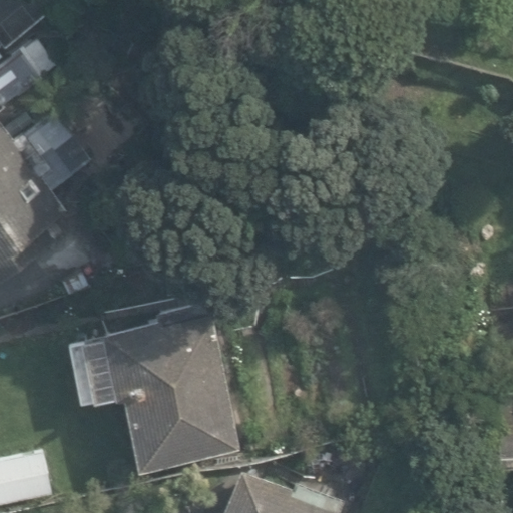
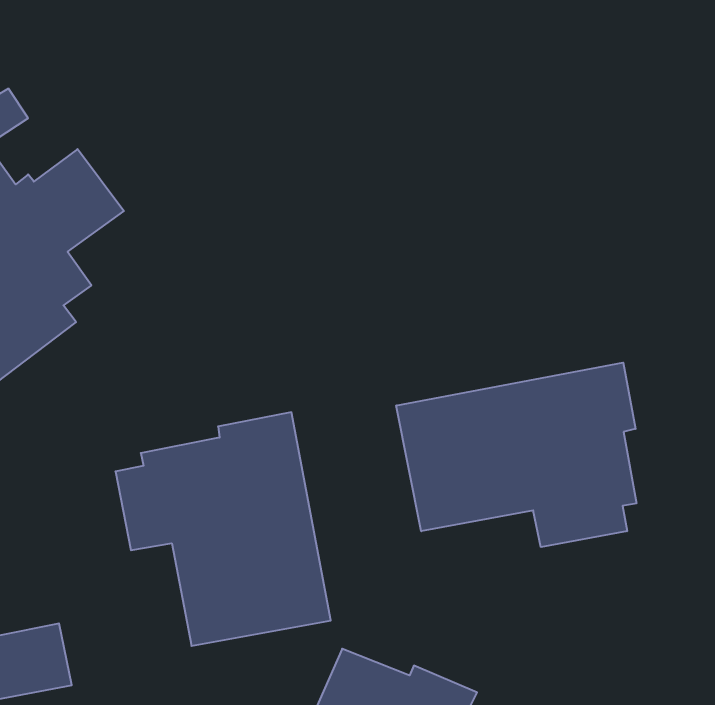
building: none -> [396,363,636,547]

